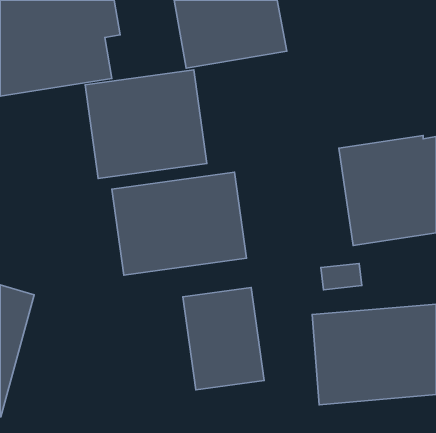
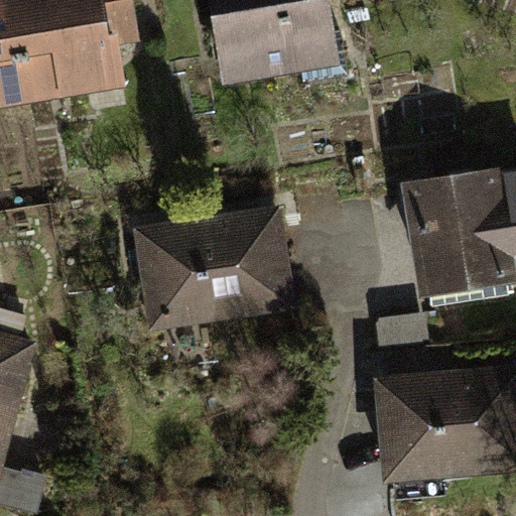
building: [85,70,207,178] -> none
building: [183,287,264,390] -> none

